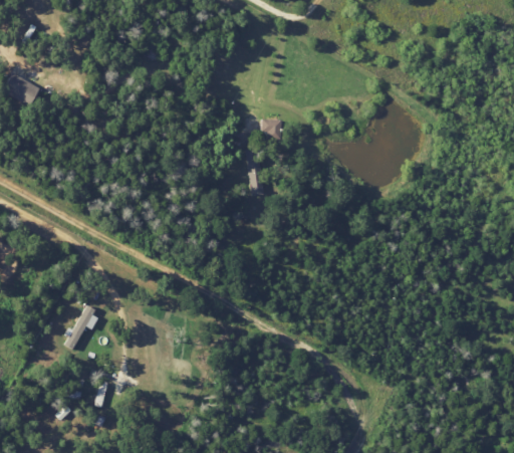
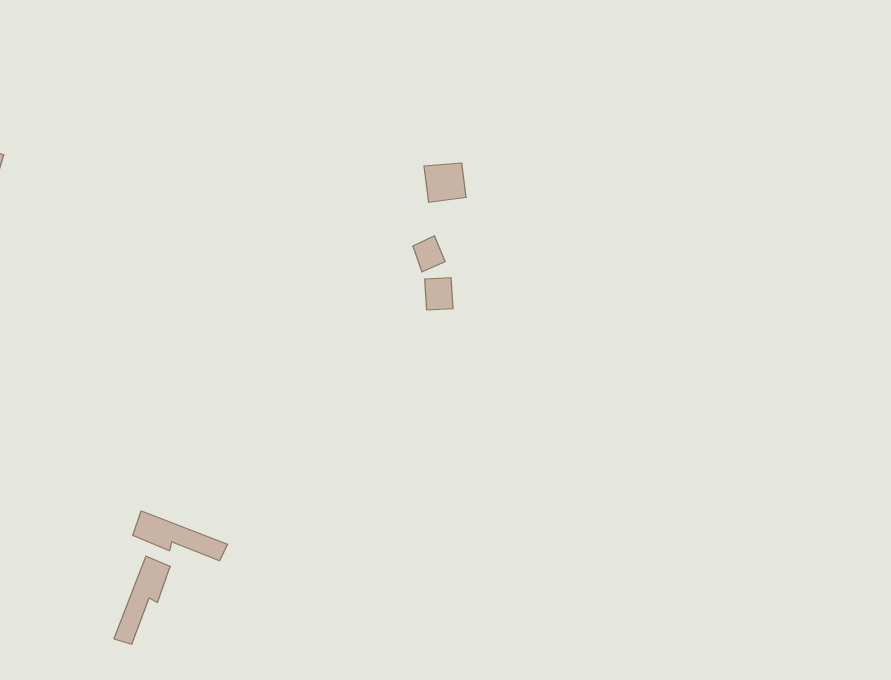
building: none -> [133,511,228,561]

